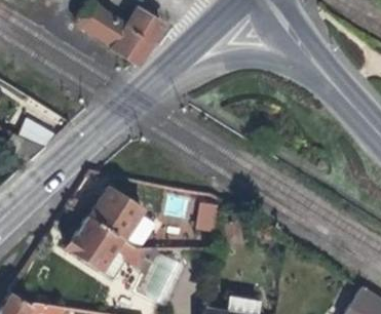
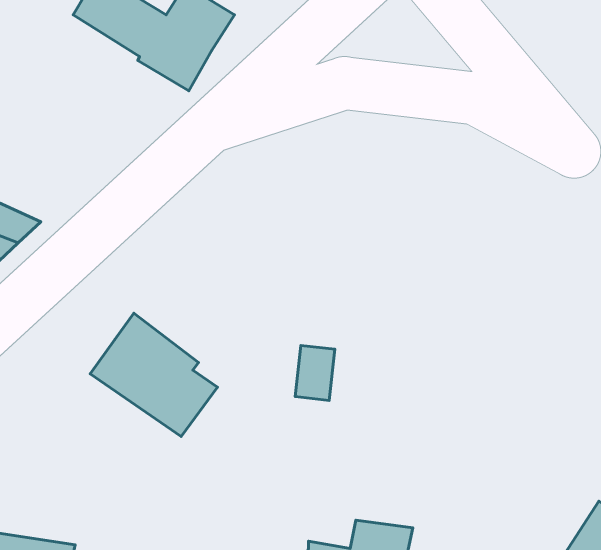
building: [64,217,165,278] -> none

